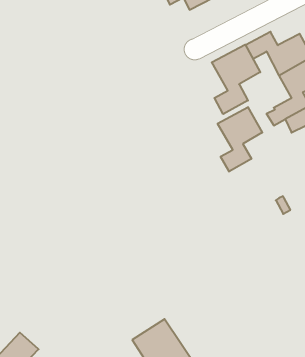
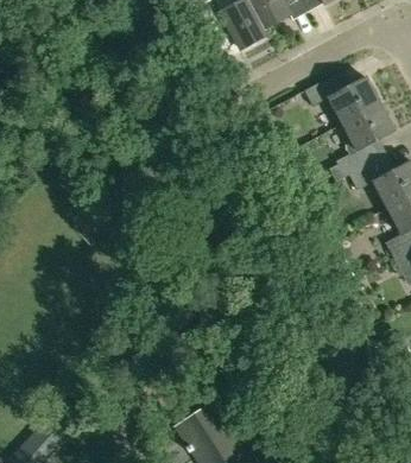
building: [212,45,260,114] -> none
building: [218,107,262,172] -> none

